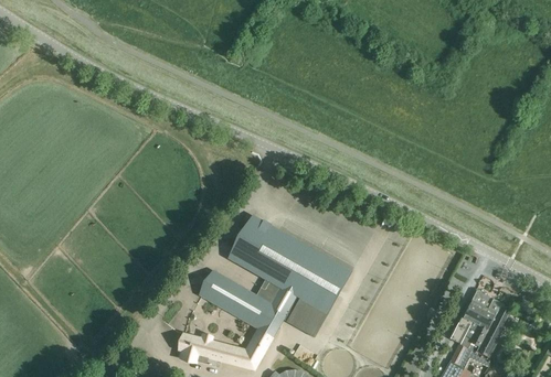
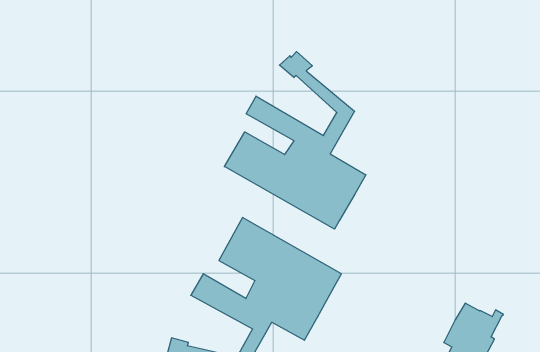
building: none -> [224,52,366,229]

